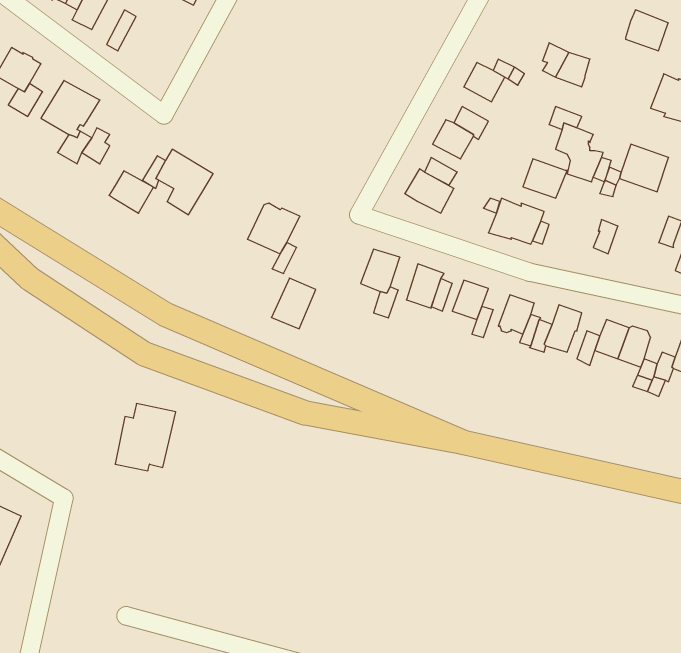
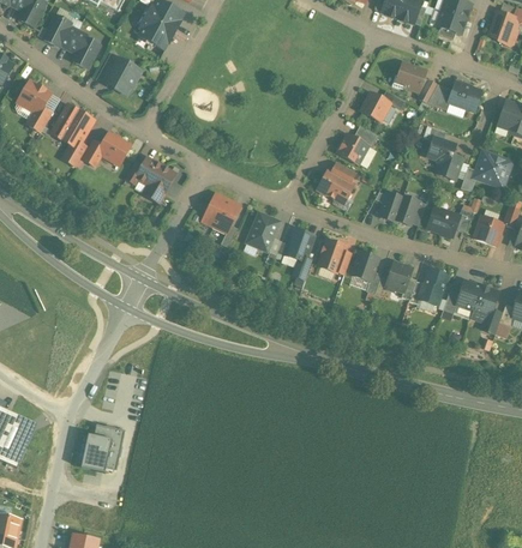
building: [626,10,668,51] -> [449,80,480,110]
building: none -> [107,58,137,94]
building: none -> [391,62,425,90]
building: [523,159,567,198] -> [427,206,460,235]
building: [109,171,153,213] -> [97,132,130,163]
building: none -> [473,215,503,245]
building: [271,278,316,329] -> [246,212,278,249]
building: [115,404,176,471] -> [80,423,125,472]

